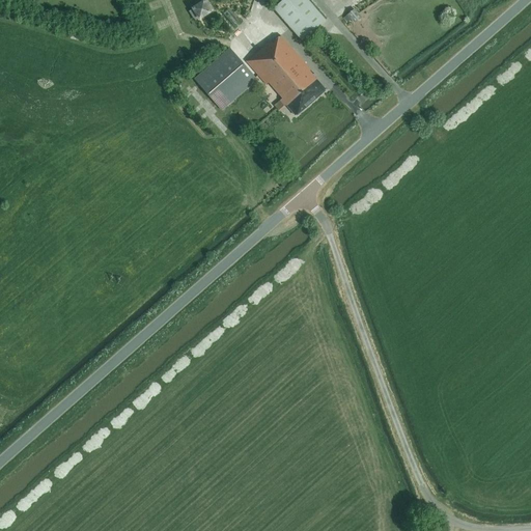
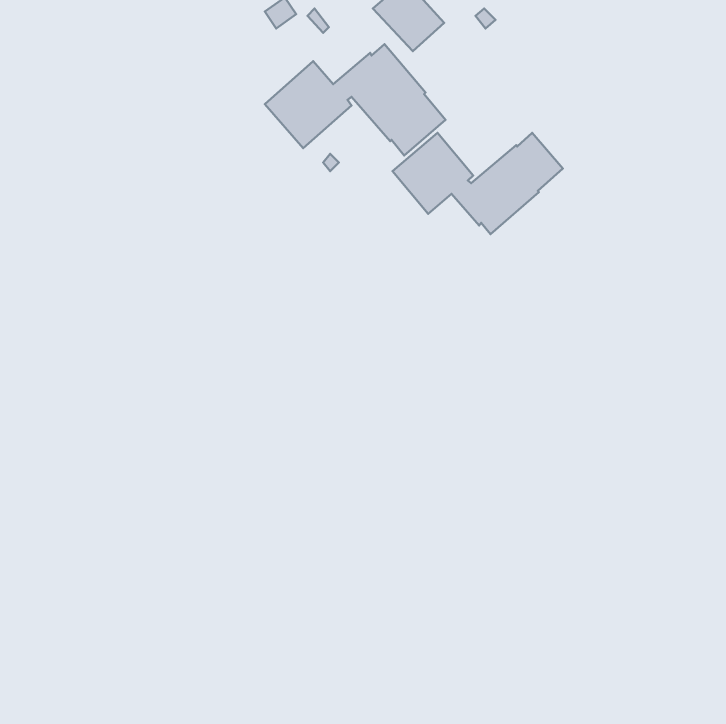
building: none -> [393,133,563,234]

